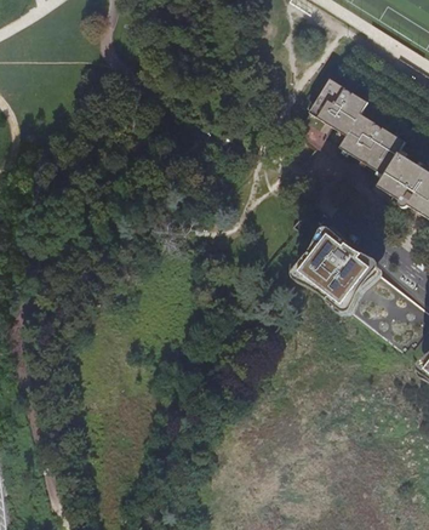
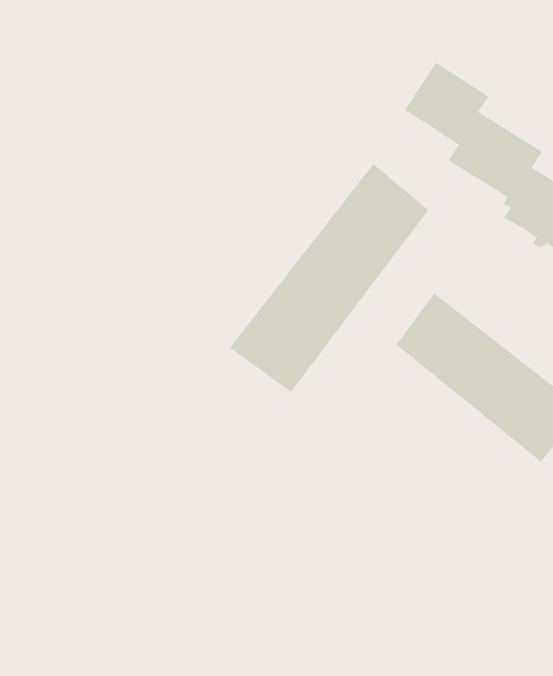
building: none -> [229,163,429,393]

